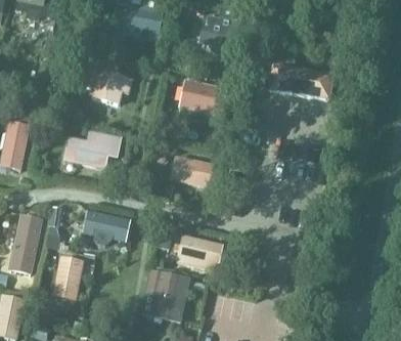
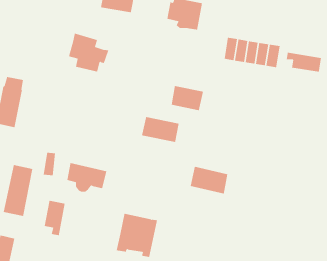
building: [189,80,228,110] -> [171,86,204,111]
building: none -> [286,52,321,73]
building: [62,129,122,170] -> none
building: [177,235,222,267] -> [190,166,228,194]

